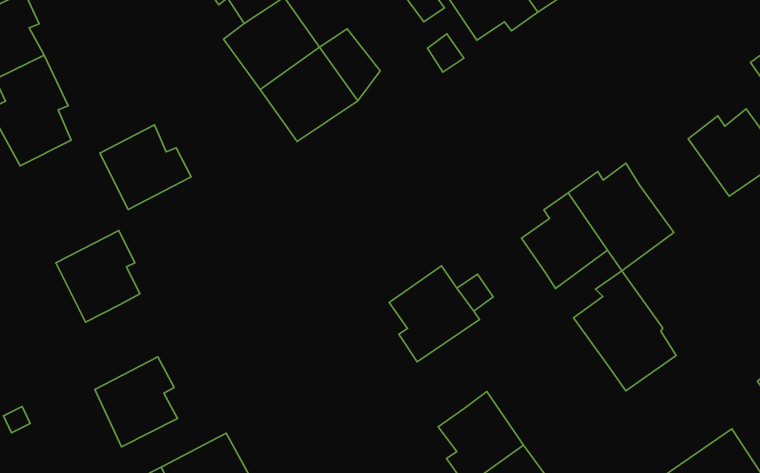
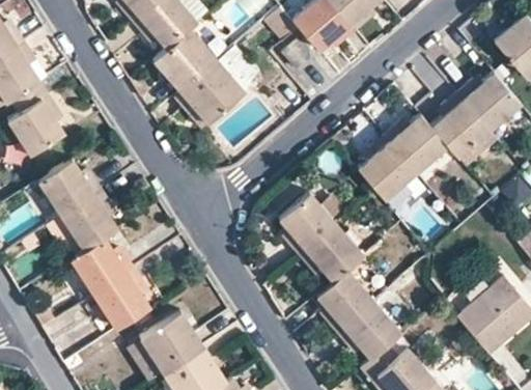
building: [100,125,191,209] -> [38,160,99,216]
building: [573,271,676,391] -> [430,95,499,172]
building: none -> [71,239,132,295]
building: none -> [299,225,363,283]

